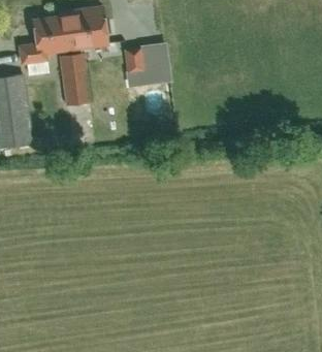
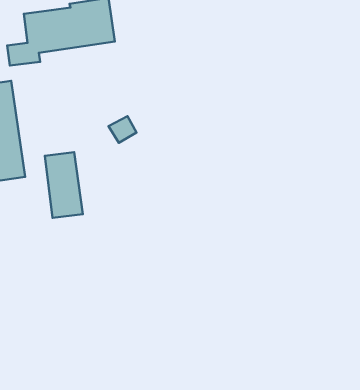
building: [125,45,163,85] -> none
building: [61,52,92,105] -> [45,152,83,218]

